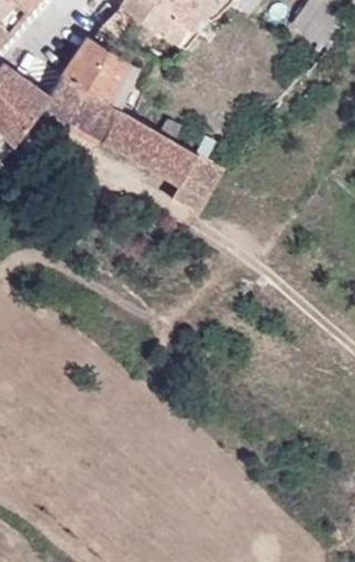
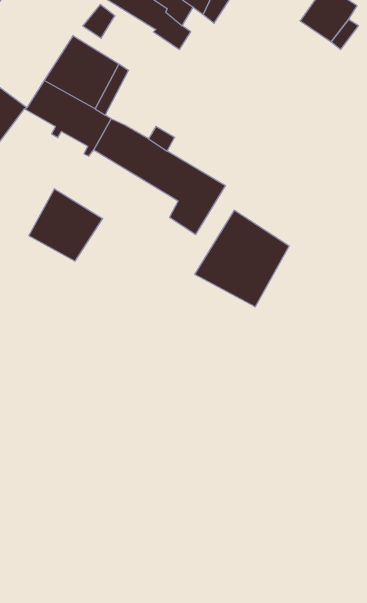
building: none -> [29,189,103,261]
building: none -> [195,210,289,307]

